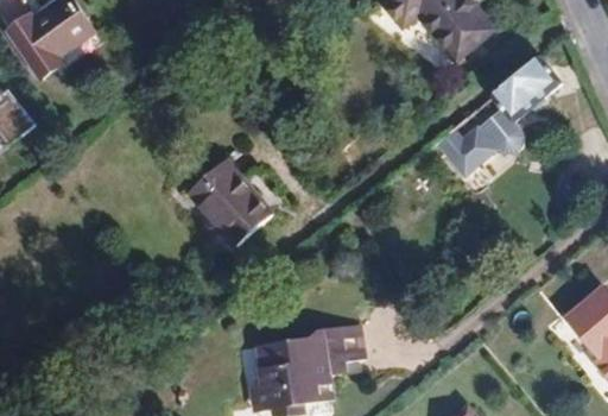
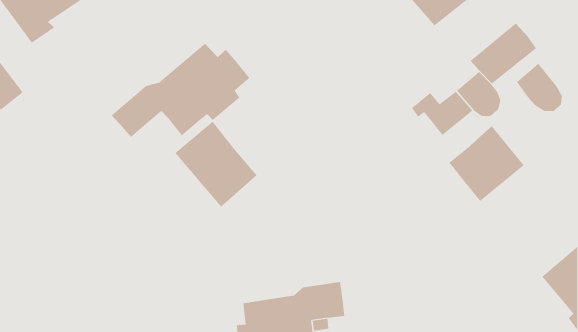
building: none -> [111,43,250,138]
building: none -> [516,63,562,112]
building: none -> [448,126,525,202]

